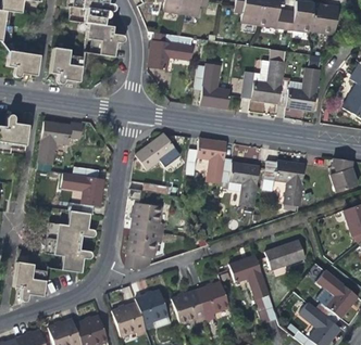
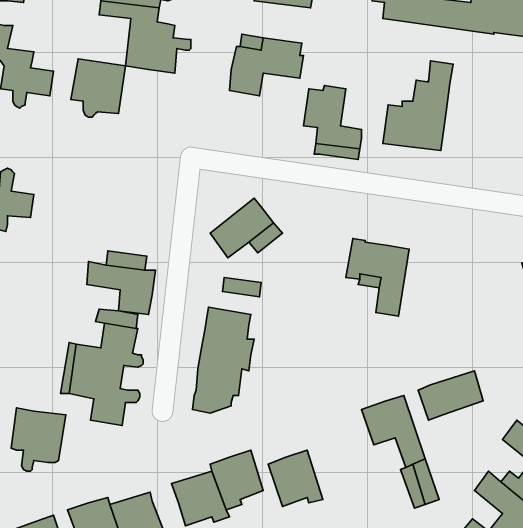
building: [278,67,319,112] -> none
building: [38,120,72,164] -> none
building: [184,139,226,183] -> none
building: [264,161,303,207] -> none
building: [196,281,229,319] -> none

